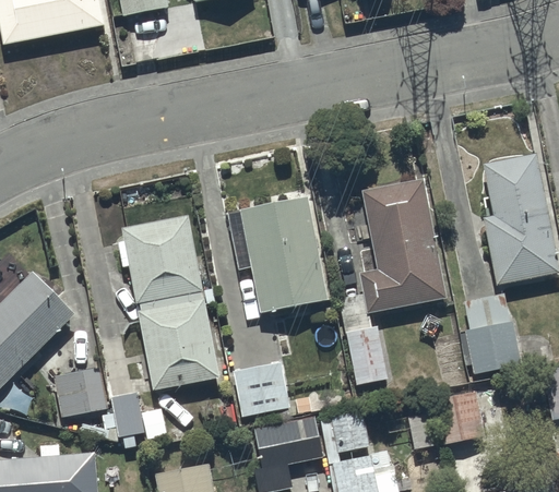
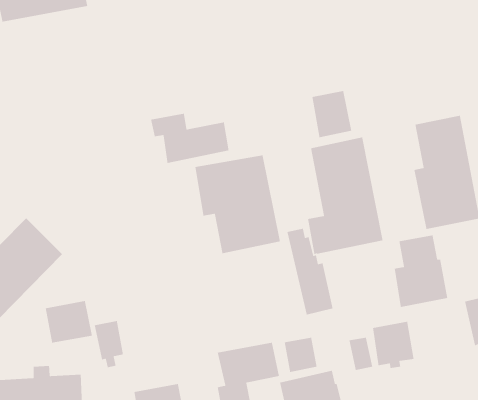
building: none -> [311,90,352,138]
building: none -> [150,113,229,164]
building: [117,215,219,391] -> none
building: [233,361,290,421] -> none

